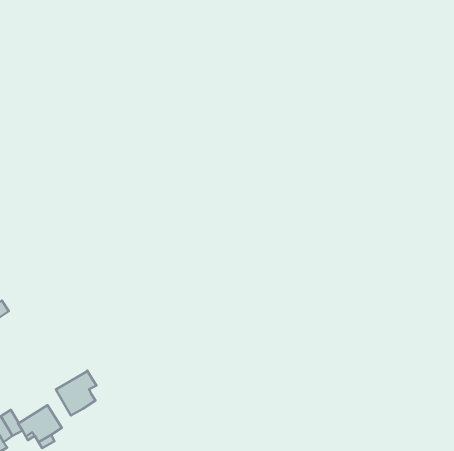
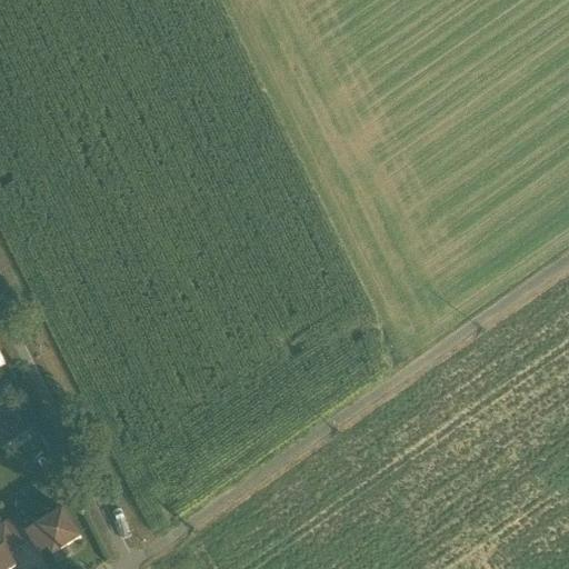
building: [56,371,96,415] -> none

